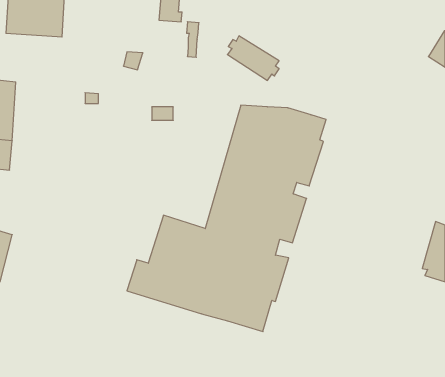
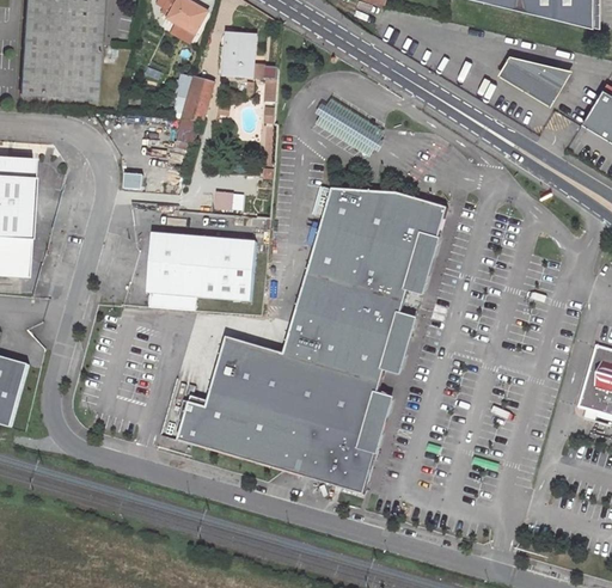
building: none -> [498,55,571,105]
building: none -> [179,76,212,118]
building: none -> [146,231,253,308]

